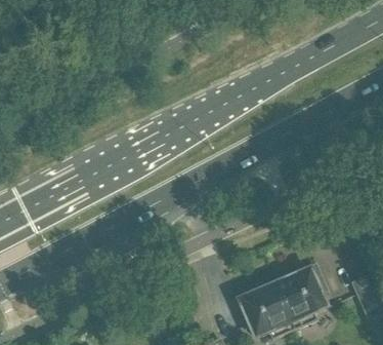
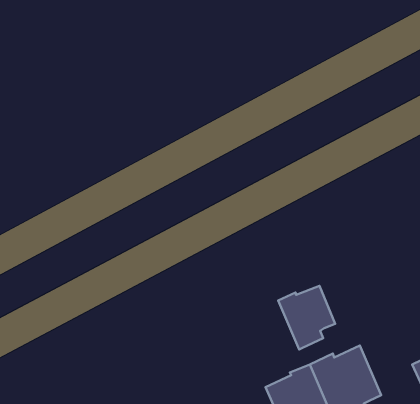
building: none -> [278,286,335,349]

